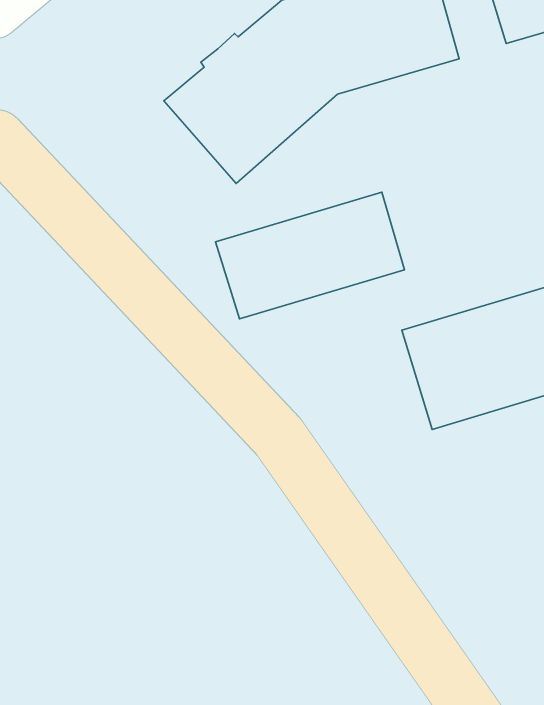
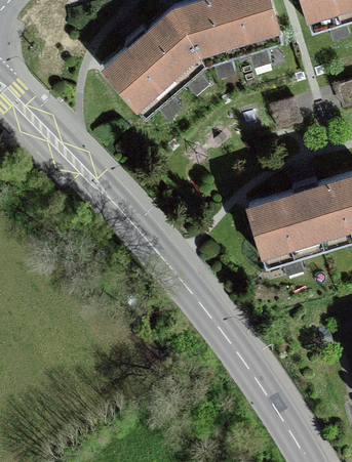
building: [215,192,405,319] -> none

